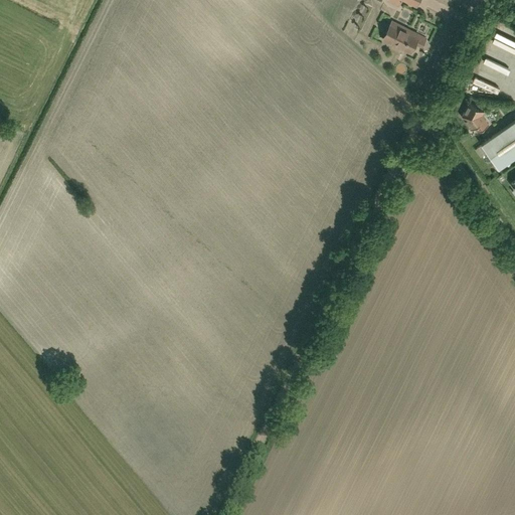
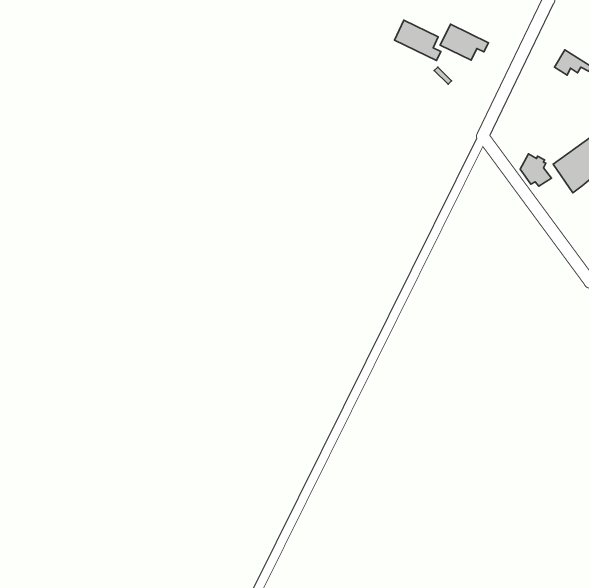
building: none -> [395,20,441,60]
building: [463,105,490,133] -> [520,154,551,186]

